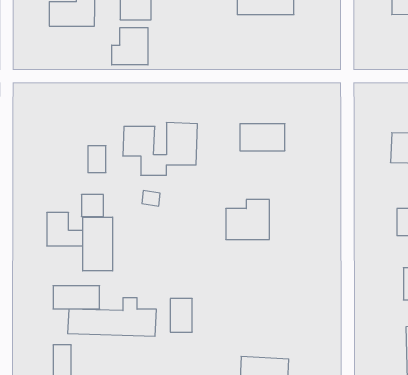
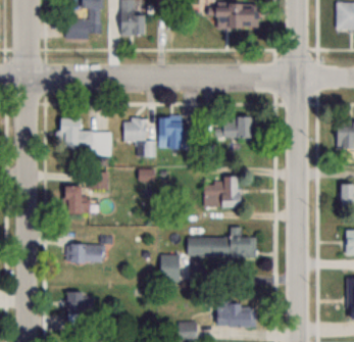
building: [112,28,148,65] -> none
building: none -> [60,118,94,147]
building: [83,217,113,271] -> none
building: [68,298,156,336] -> [187,228,257,258]

